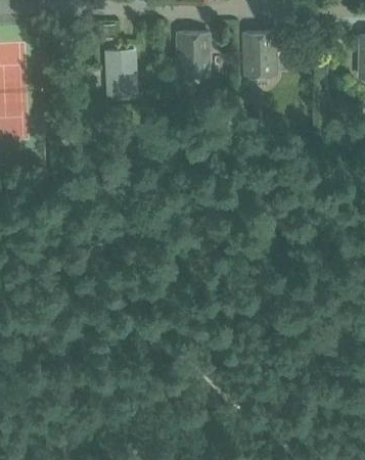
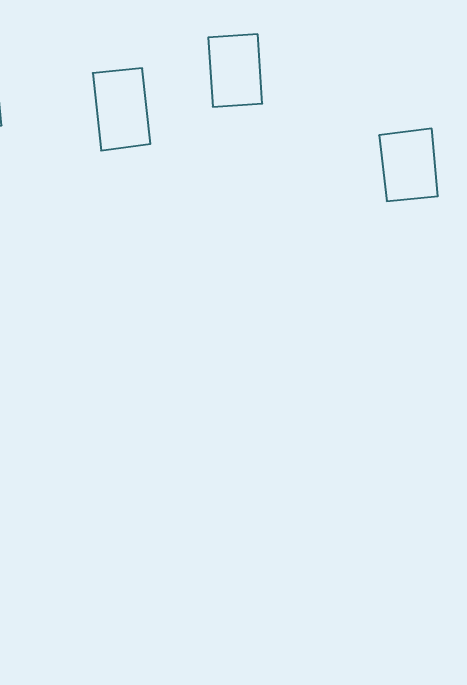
building: [241,33,275,76] -> [379,129,438,201]

